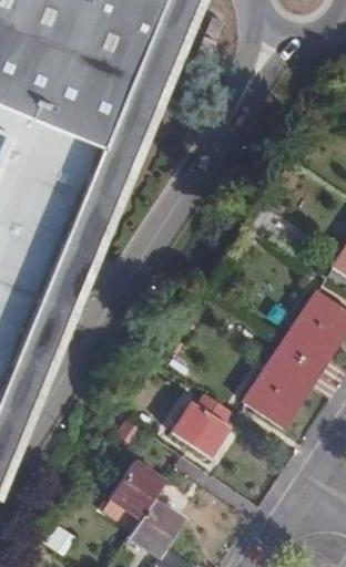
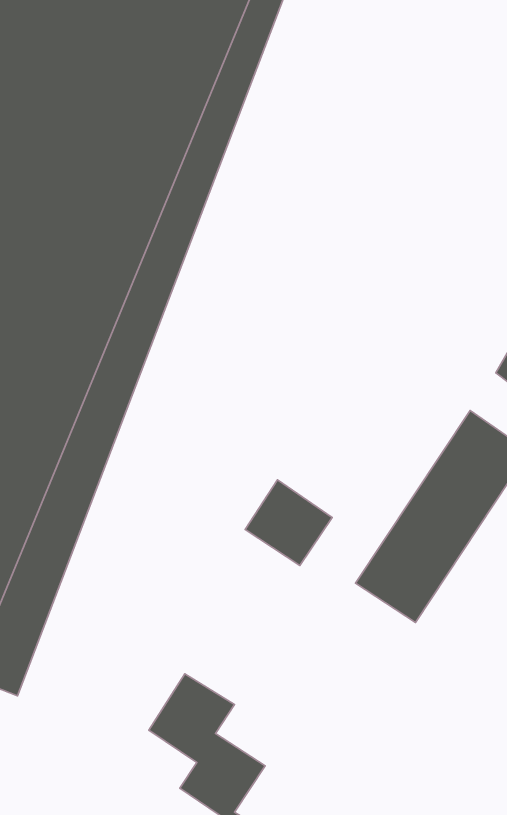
building: [165,400,222,455] -> [245,480,332,565]

